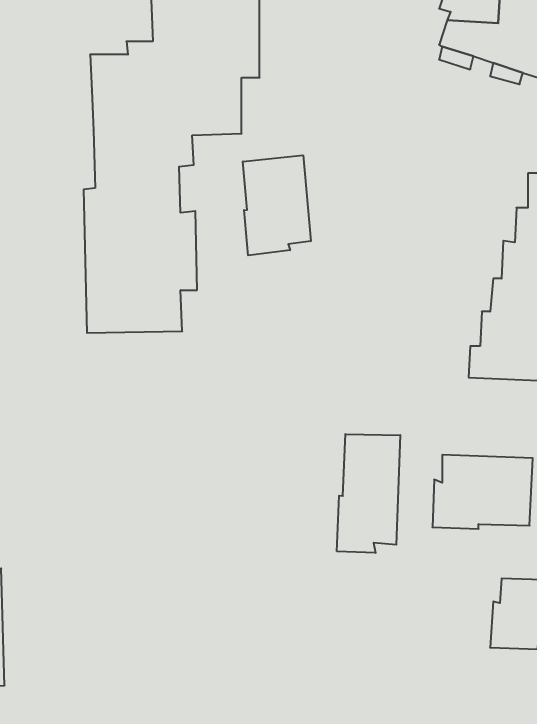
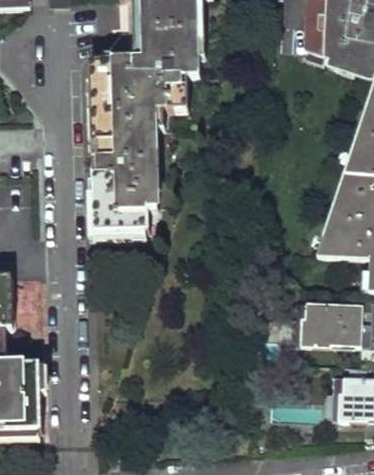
building: [243,155,311,255] -> none
building: [337,434,400,553] -> none

